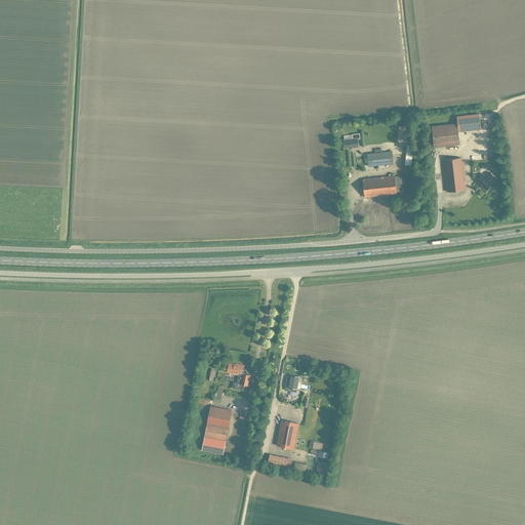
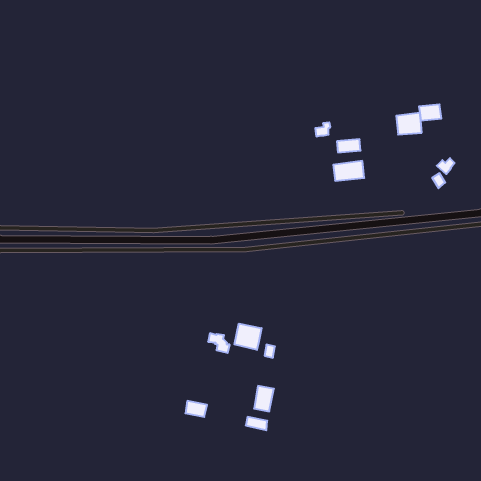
building: [443,158,465,192] -> none
building: none -> [234,324,262,350]
building: [201,405,225,438] -> none

